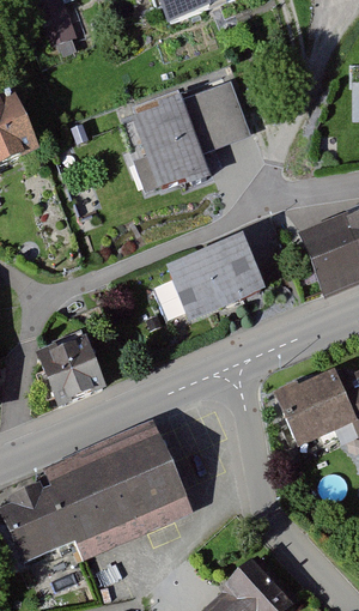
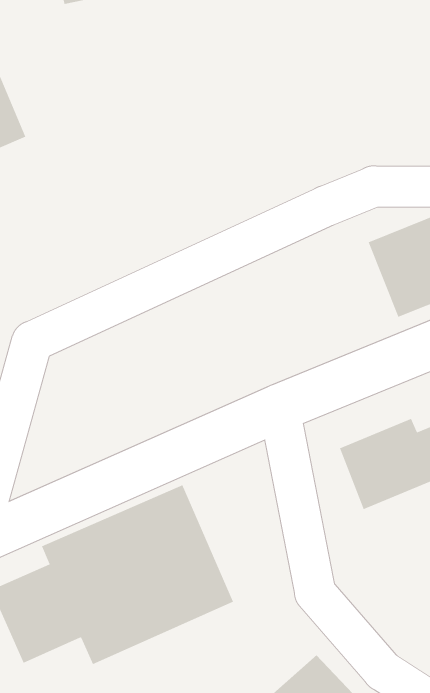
building: [127,74,252,195] -> none
building: [166,240,264,322] -> none
building: [50,337,103,392] -> none

